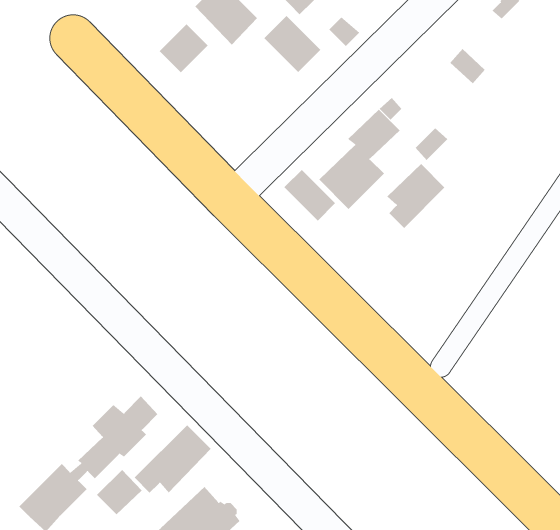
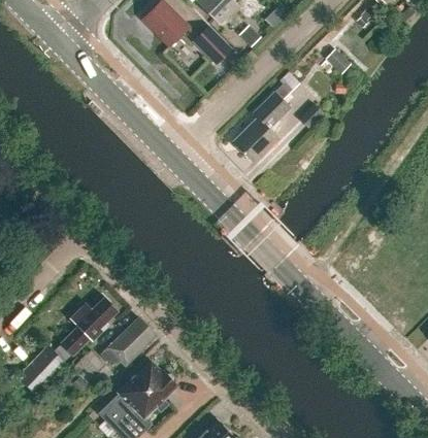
building: [159,24,208,73] -> none
building: [386,163,445,229] -> none
building: [284,169,336,221] -> none

